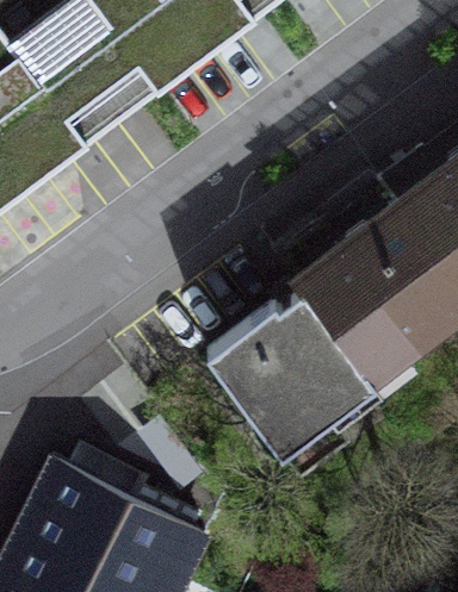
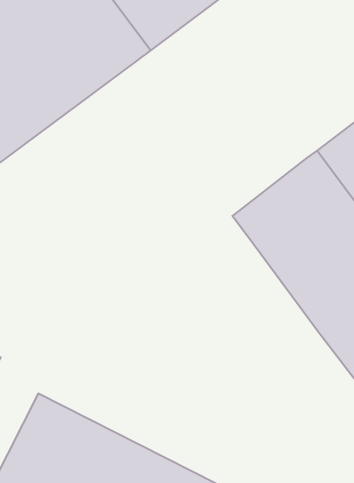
building: [205,293,376,475] -> none

